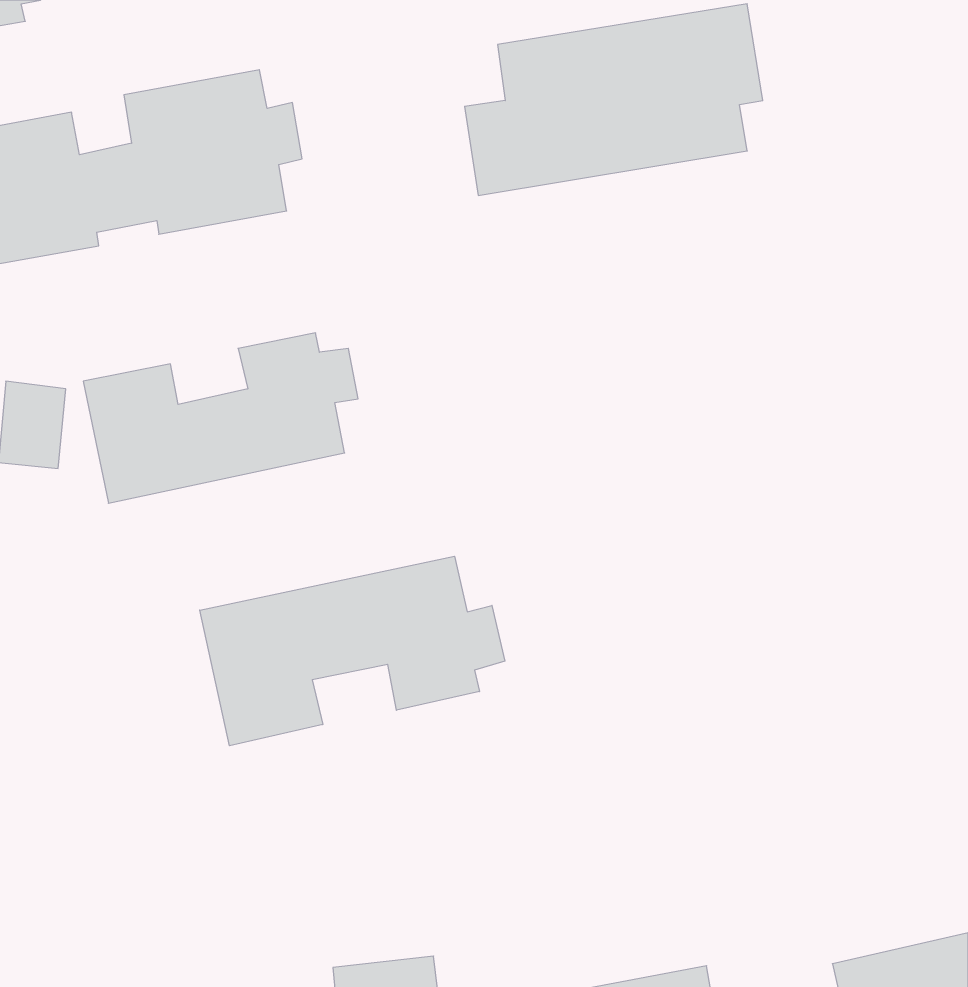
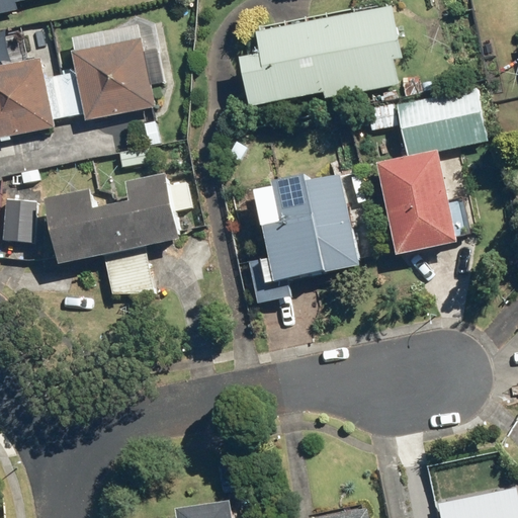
building: none -> [360,86,486,255]
building: none -> [260,170,361,285]
building: [200,556,505,746] -> none

